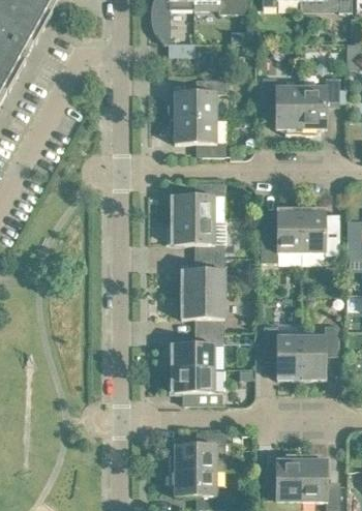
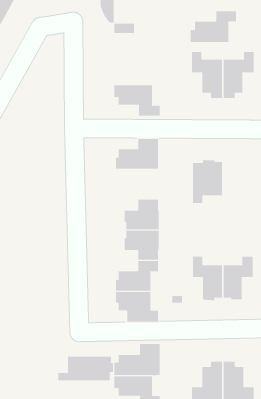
building: [169,79,225,117] -> [190,11,237,42]
building: [301,208,338,261] -> none
building: [171,219,223,255] -> none
building: none -> [58,356,114,381]

